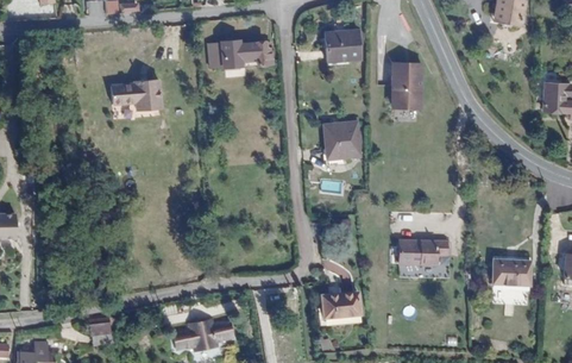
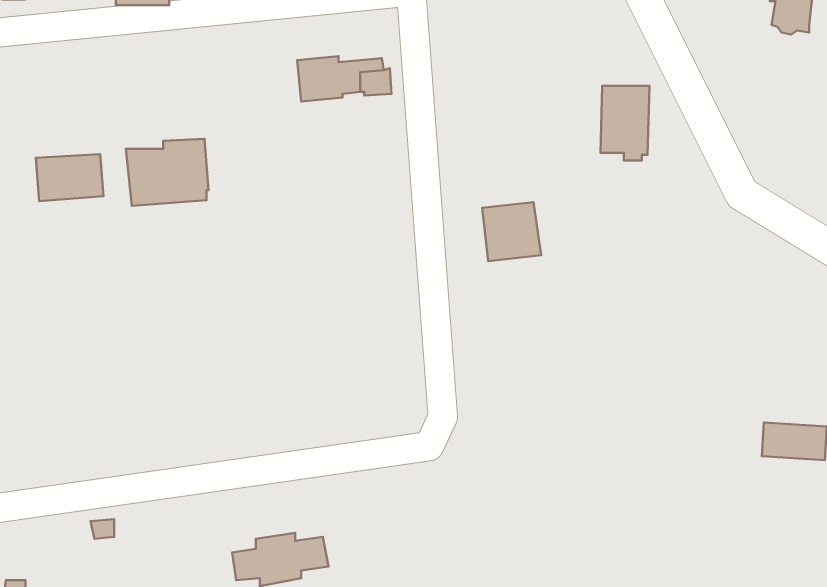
building: [325,30,360,62] -> none
building: none -> [36,154,103,201]
building: [398,240,450,265] -> none
building: [318,278,359,314] -> none

